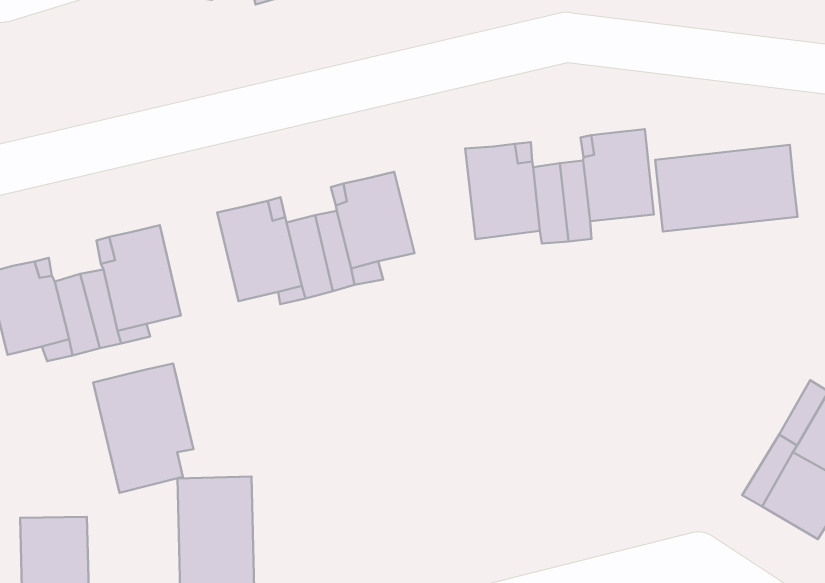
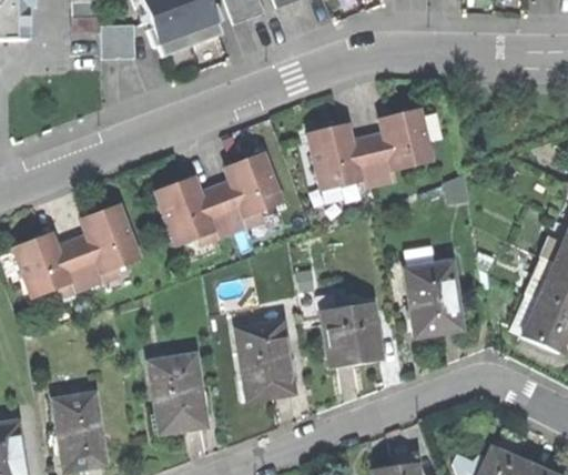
building: [655,145,798,231] -> none
building: [93,364,194,493] -> none
building: none -> [404,261,462,334]
building: none -> [323,303,382,365]
building: none -> [237,321,293,398]

